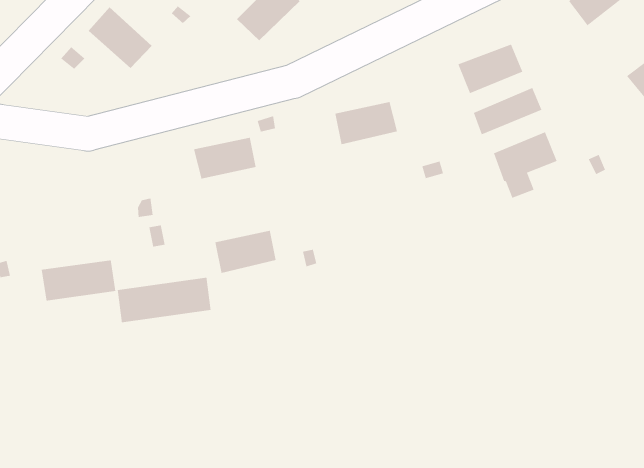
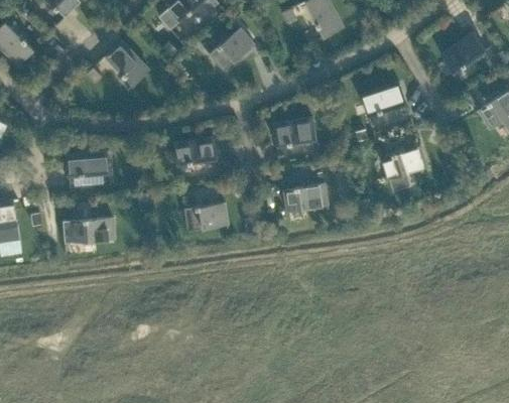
building: [473,87,542,135] -> none
building: none -> [67,151,109,176]
building: none -> [283,183,328,212]
building: [117,277,211,323] -> none

